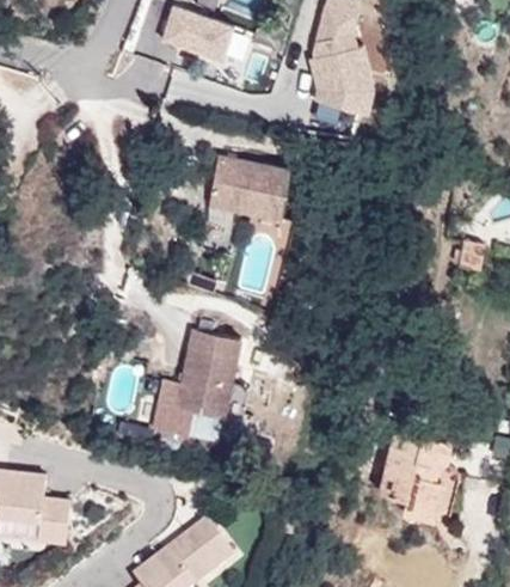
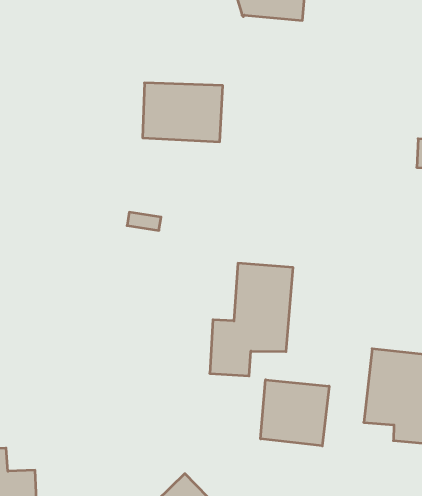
building: [153,329,242,434] -> [210,263,293,376]
building: none -> [261,380,329,446]

